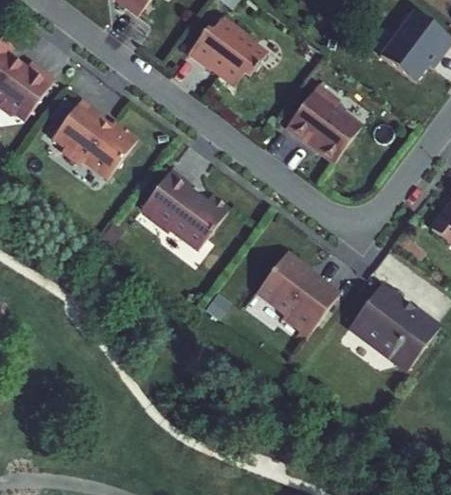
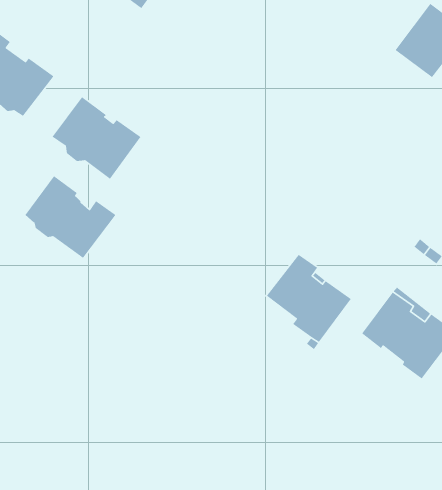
building: [188,15,266,85] -> none
building: [285,85,361,163] -> none
building: [142,169,230,249] -> [25,175,117,259]

